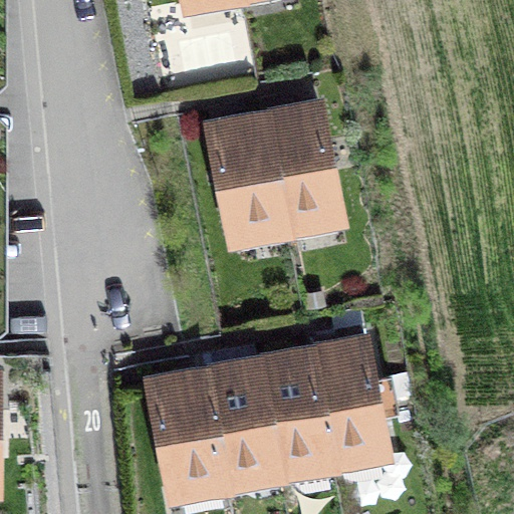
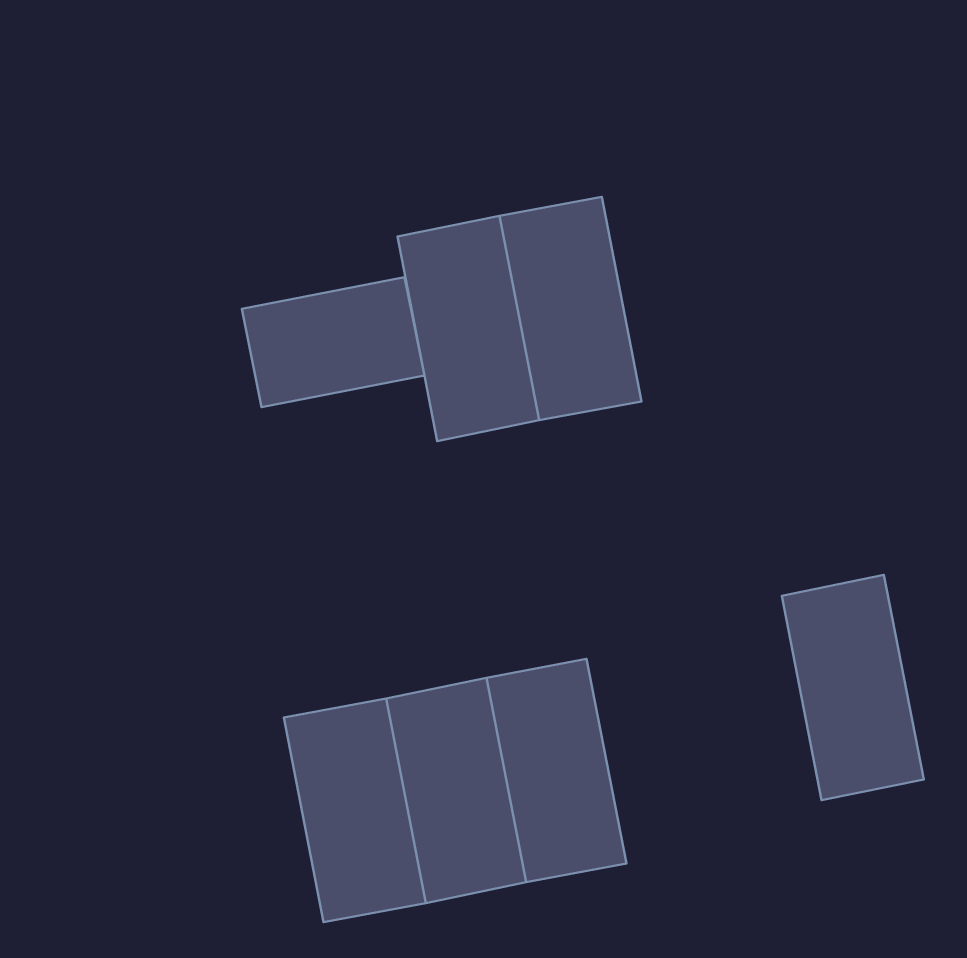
building: none -> [242,277,424,407]
building: [311,343,387,463] -> [782,575,924,800]

